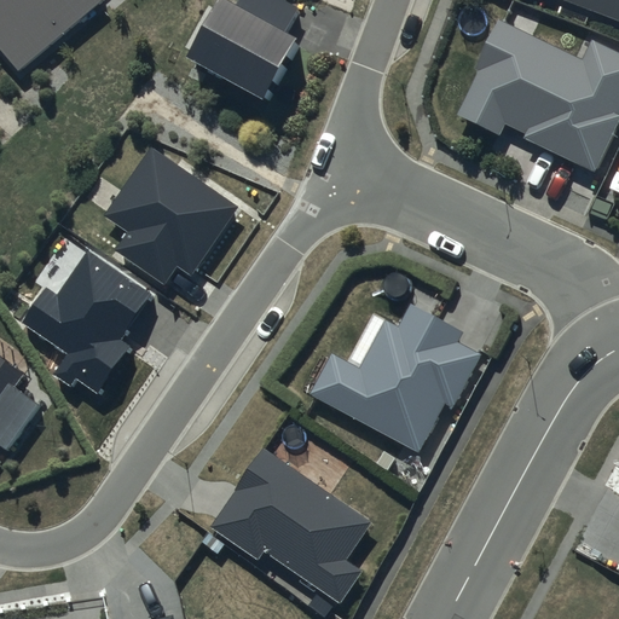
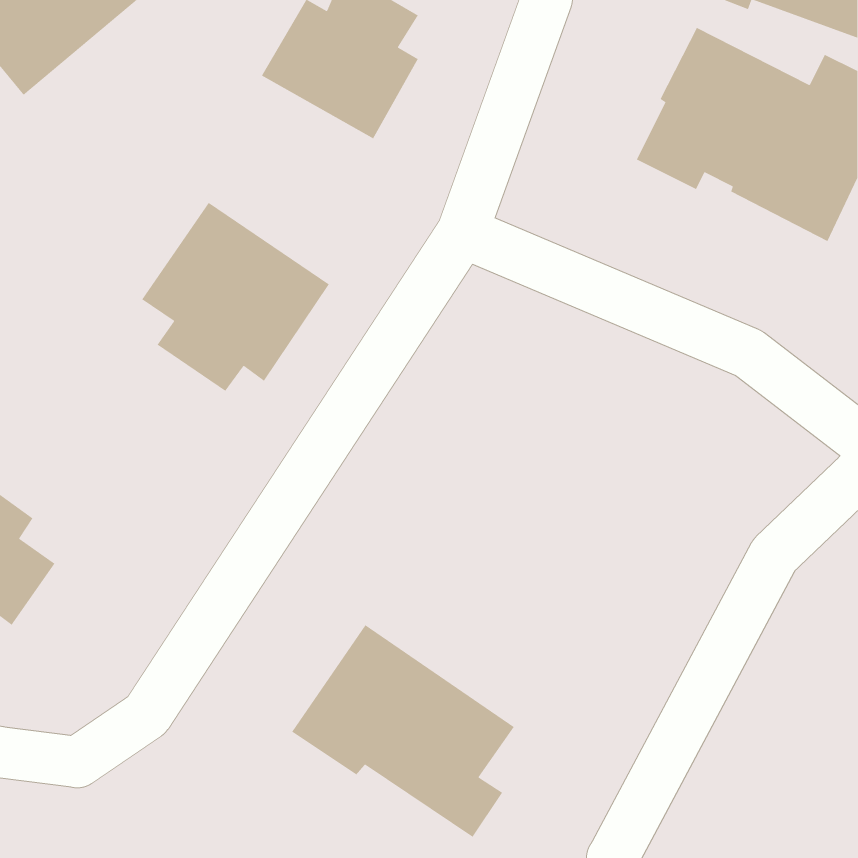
building: [22,247,152,393] -> none
building: [308,301,480,451] -> none

